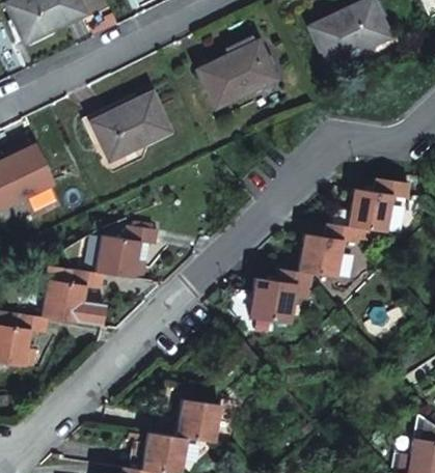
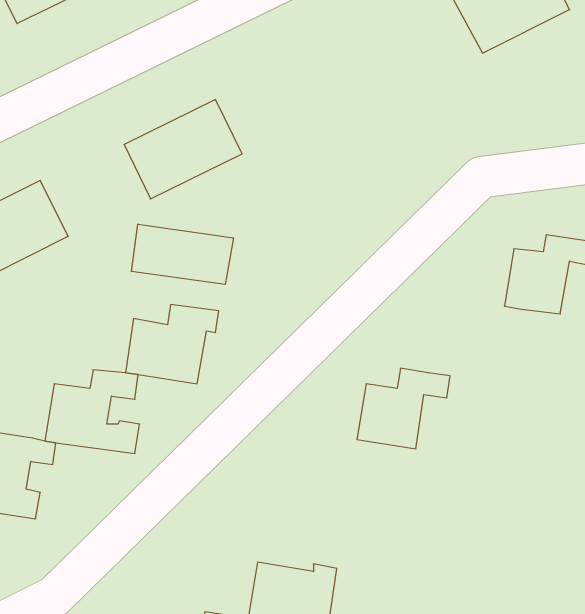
building: [203,39,280,104] -> none
building: none -> [132,224,233,284]
building: [297,225,359,279] -> none

